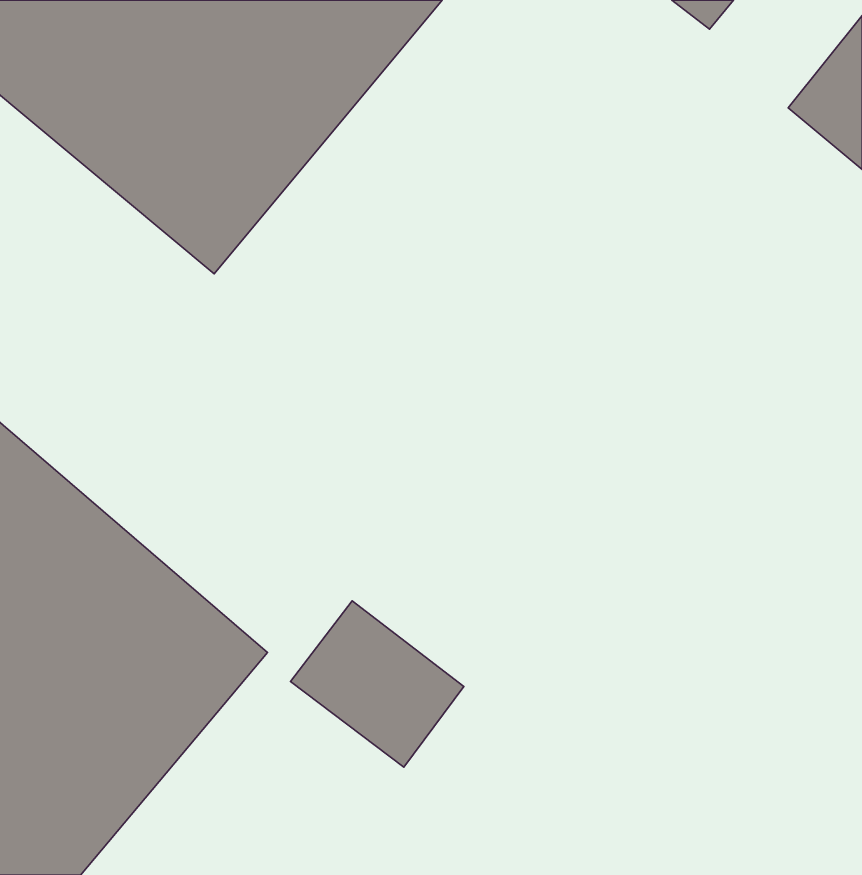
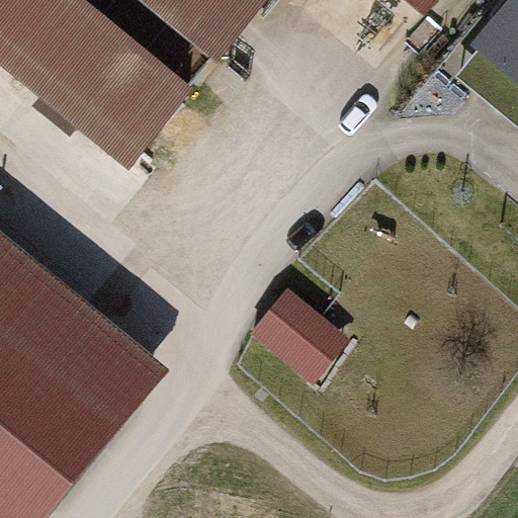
building: [291,601,464,767] -> [248,282,350,380]

